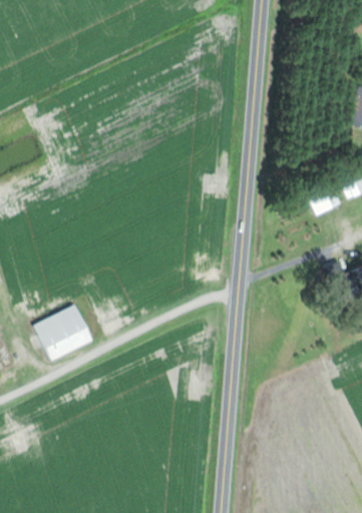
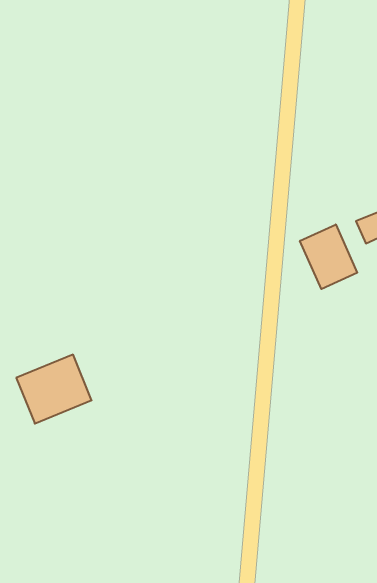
building: none -> [300,224,357,289]

